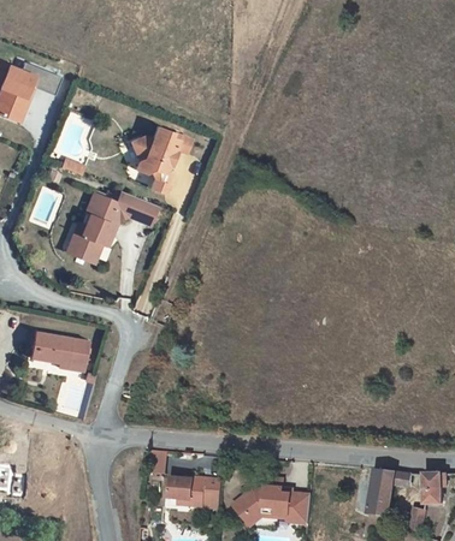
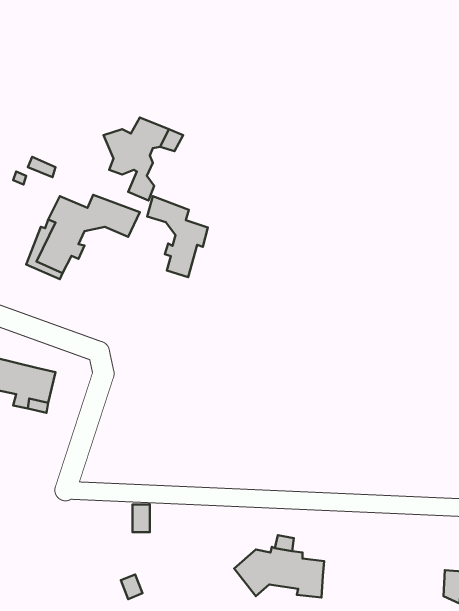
building: none -> [147,196,208,277]
building: [370,468,412,515] -> none
building: [170,476,223,511] -> none

